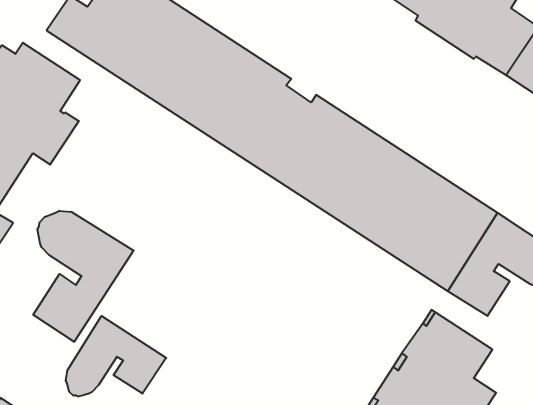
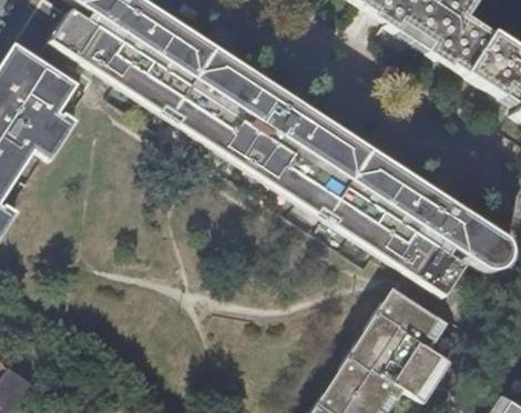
building: [33,211,134,342] -> none
building: [66,316,166,397] -> none

